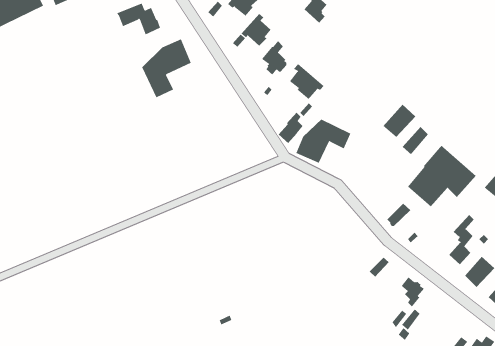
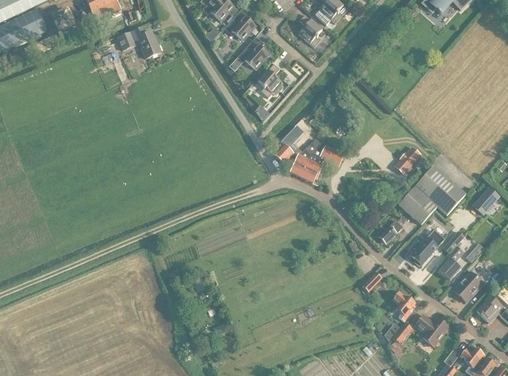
building: [141,39,191,98] -> none
building: [289,63,325,100] -> none
building: [383,104,416,138] -> none
building: none -> [411,229,444,265]
building: none -> [415,315,449,346]

